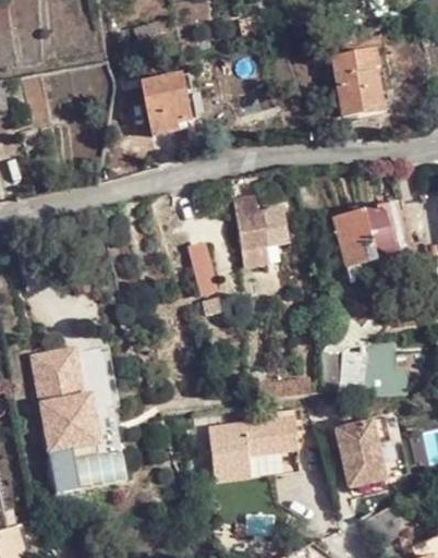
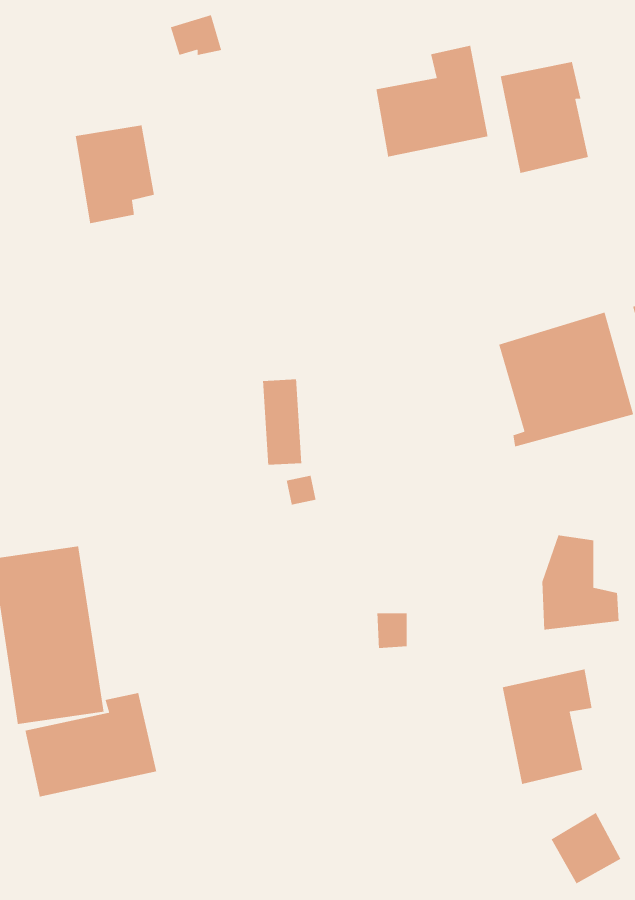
building: none -> [376,45,488,157]
building: [144,75,192,135] -> [75,124,155,224]
building: [234,194,289,266] -> none
building: [208,416,299,481] -> none

